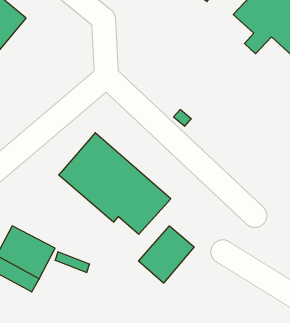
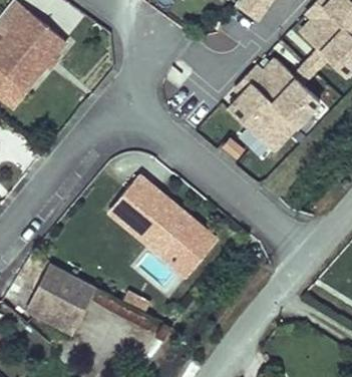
building: none -> [224,56,326,159]
building: [139,226,194,283] -> none

